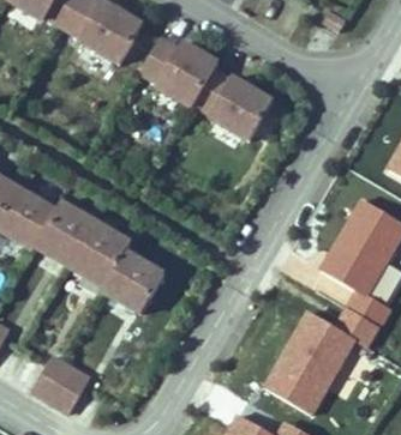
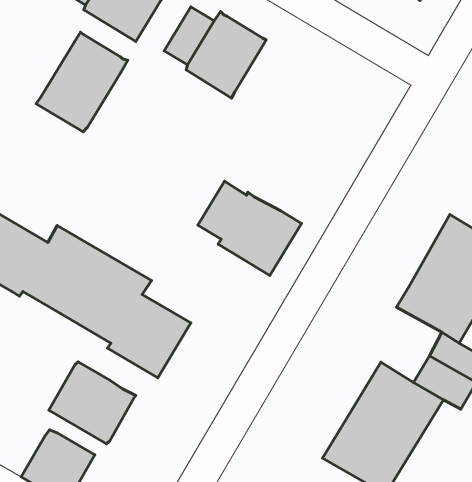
building: none -> [36,32,128,132]
building: [198,68,277,140] -> [198,181,301,275]
building: none -> [49,362,136,444]

